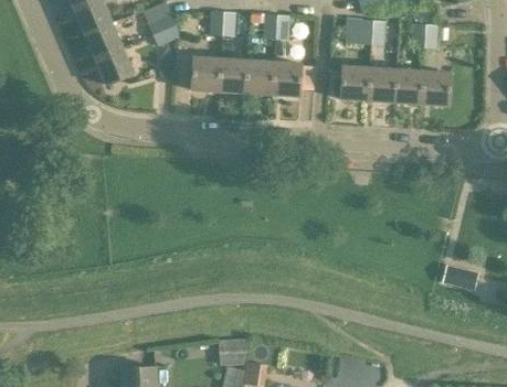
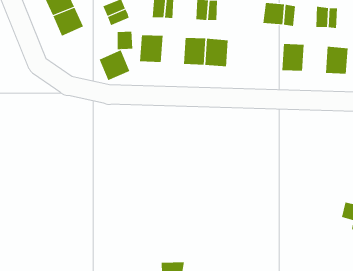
building: [96,46,135,85] -> [99,50,130,81]
building: [220,57,249,93] -> none
building: [341,65,370,100] -> none
building: [394,68,424,104] -> none

